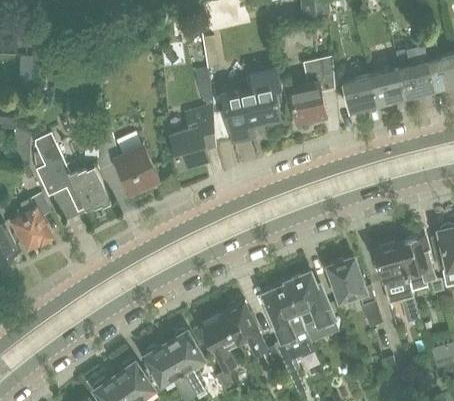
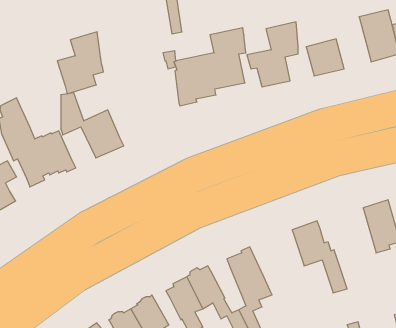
building: [371,68,406,105] -> none
building: [170,107,216,169] -> [57,32,103,94]
building: [373,244,413,305] -> none
building: [285,273,334,327] -> none

